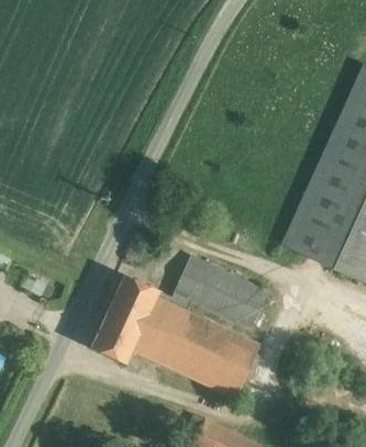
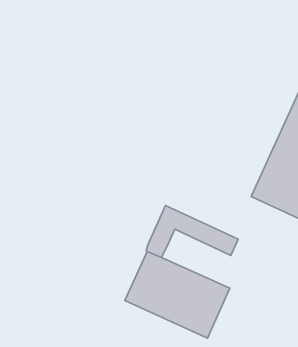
building: [90,275,170,362] -> none
building: [190,280,259,327] -> none

